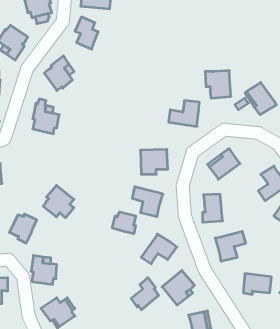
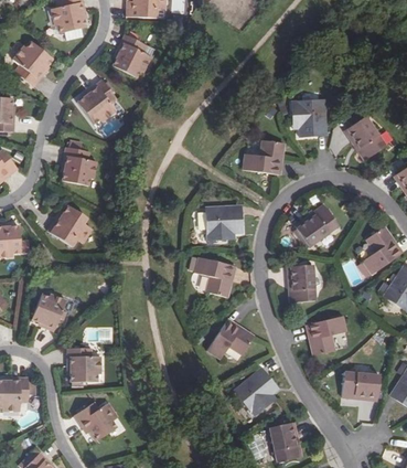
building: [43,185,74,218] -> [53,205,94,248]
building: [112,212,136,234] -> none
building: [131,278,159,310] -> none

